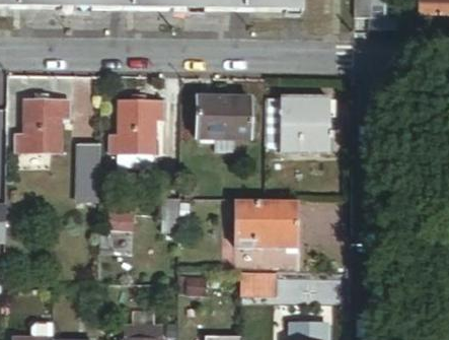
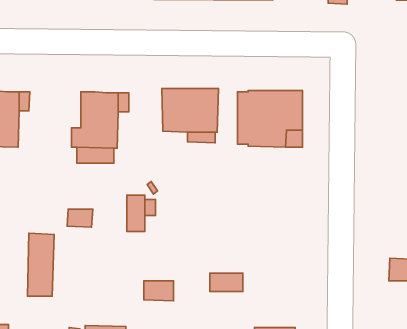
building: [75,140,100,200] -> [28,233,54,296]
building: [238,198,300,248] -> none

